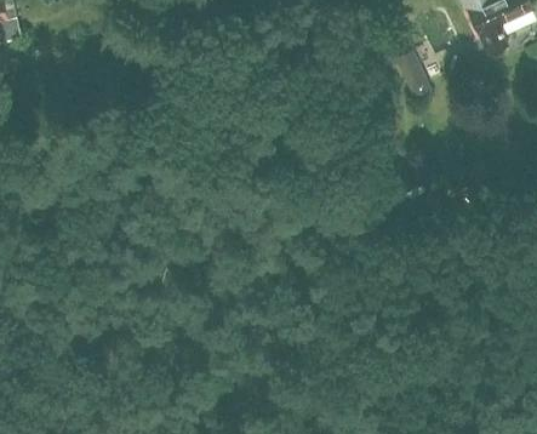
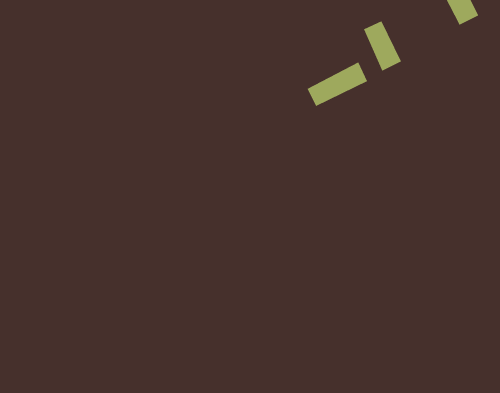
building: none -> [307,62,368,107]

